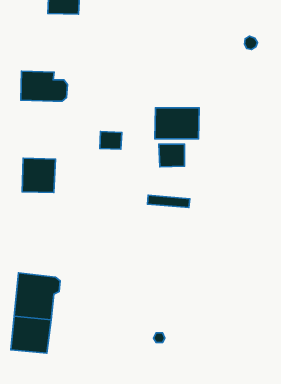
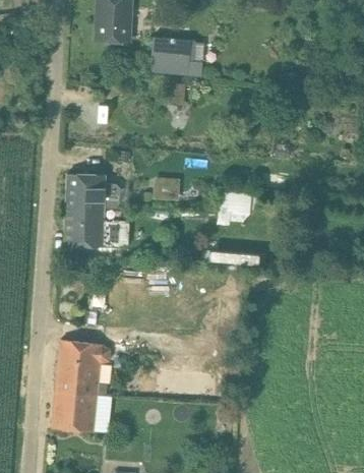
building: none -> [148,36,204,77]
building: [21,71,67,101] -> [66,174,120,209]
building: [155,108,199,139] -> none

